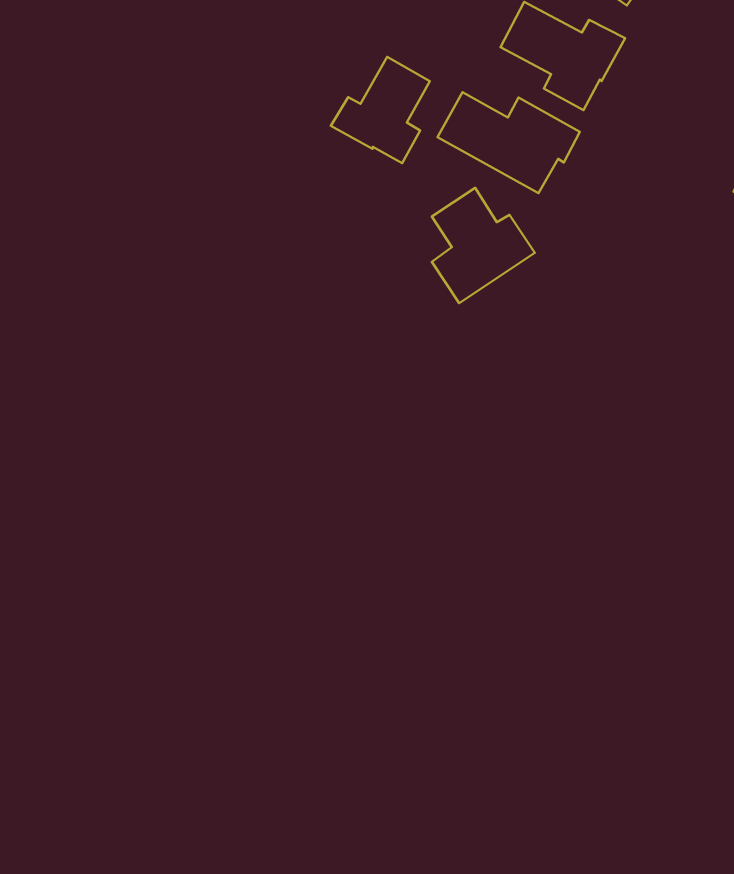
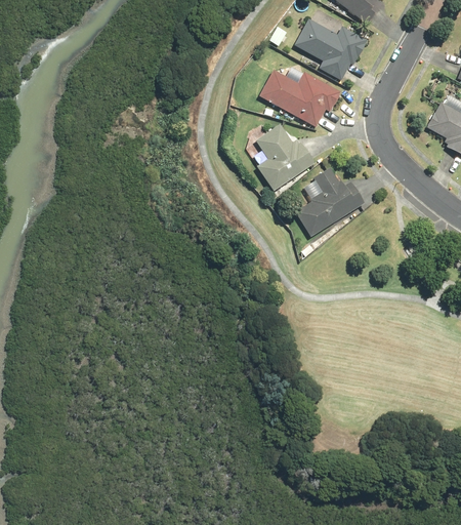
building: [331,57,430,163] -> none
building: none -> [295,167,364,235]

